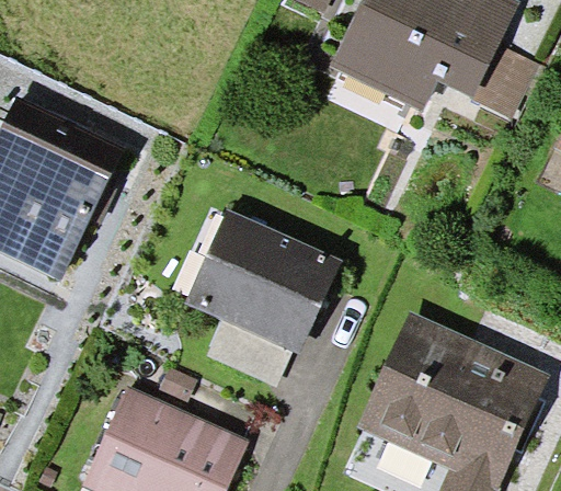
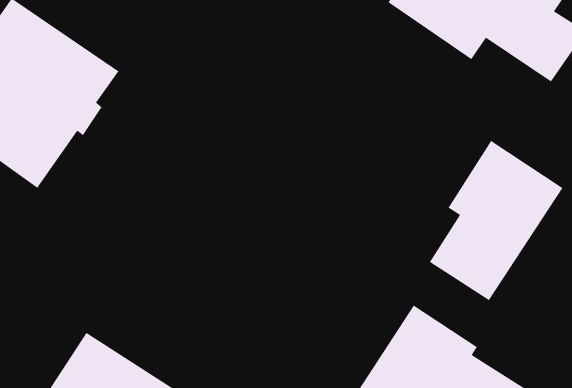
building: none -> [429,140,563,301]
building: [196,219,323,384] -> none

